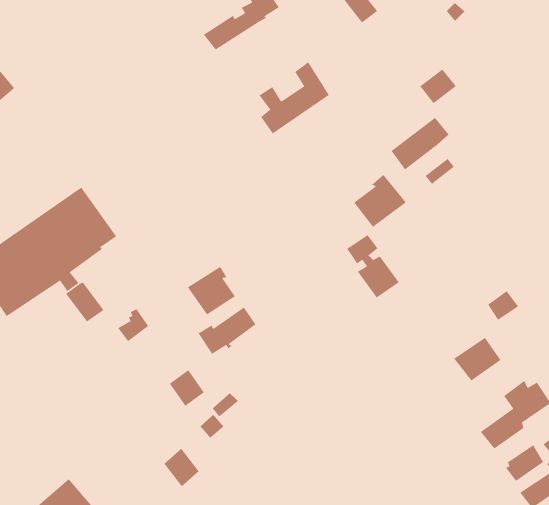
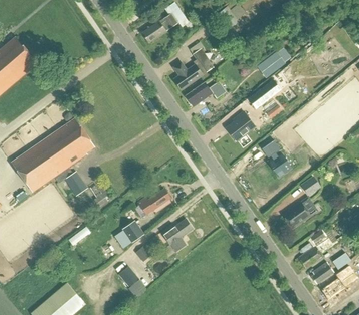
building: none -> [185,81,226,106]
building: [346,234,400,298] -> [261,140,291,177]
building: [187,266,236,315] -> none
building: none -> [161,219,192,251]

